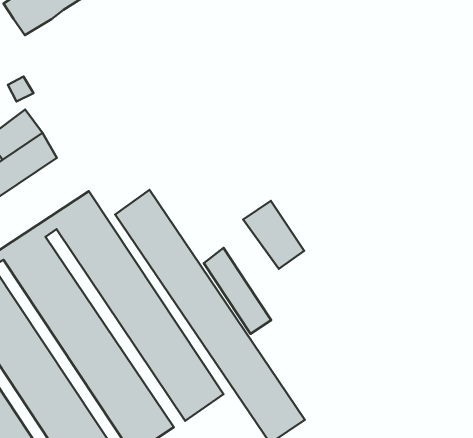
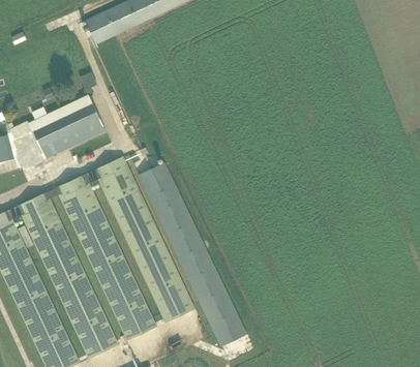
building: [243,201,304,269] -> none
building: [204,248,271,334] -> none

